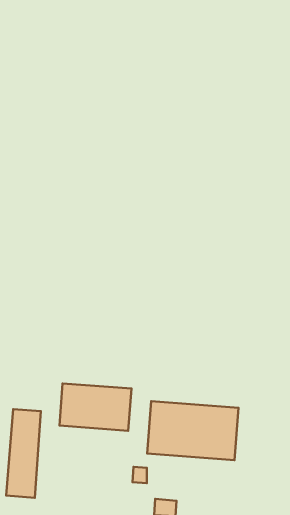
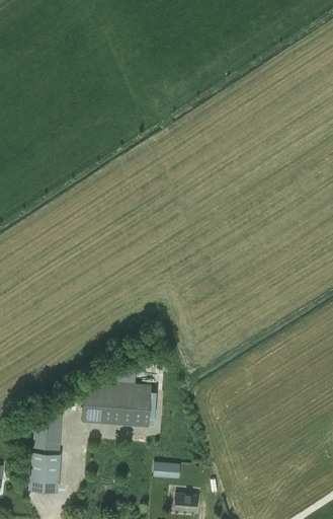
building: [147,401,239,460] -> none

